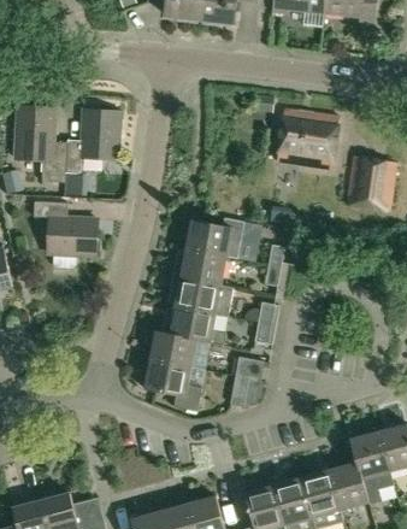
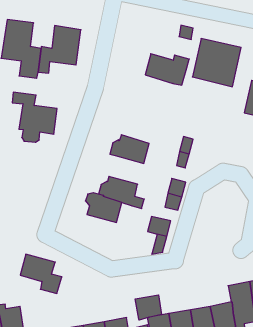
building: [188,218,246,258] -> [145,54,189,85]
building: [171,276,235,316] -> none
building: [146,360,202,410] -> [20,254,62,293]
building: none -> [135,295,162,320]

